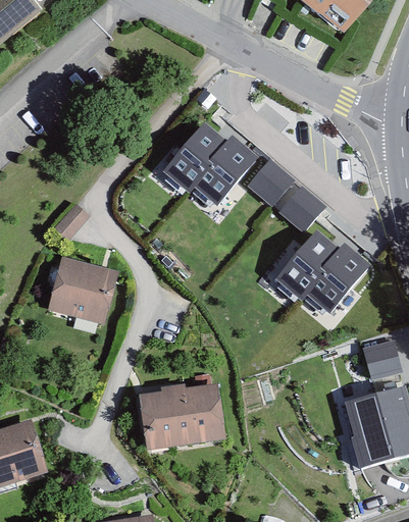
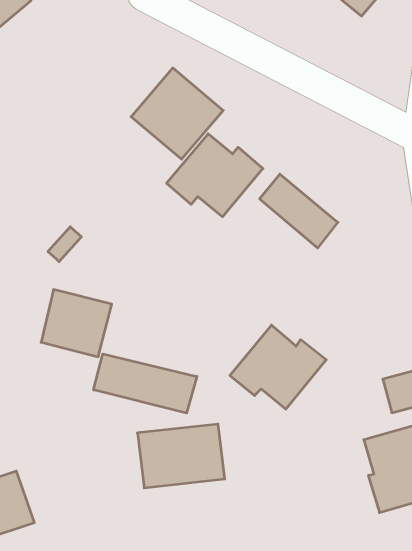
building: none -> [131,68,223,159]
building: [277,230,365,307] -> [230,325,326,409]
building: none -> [94,354,197,413]

